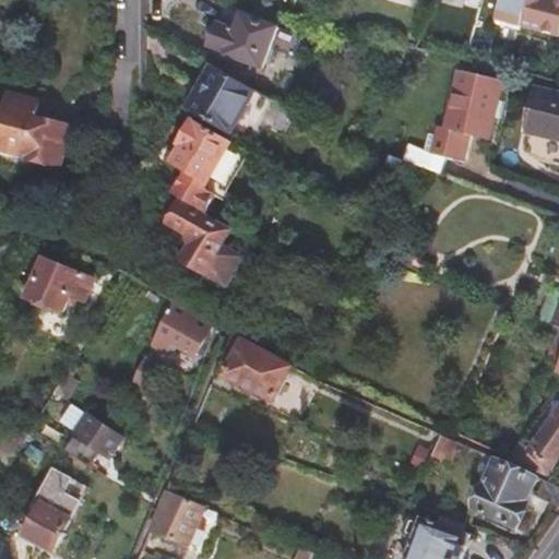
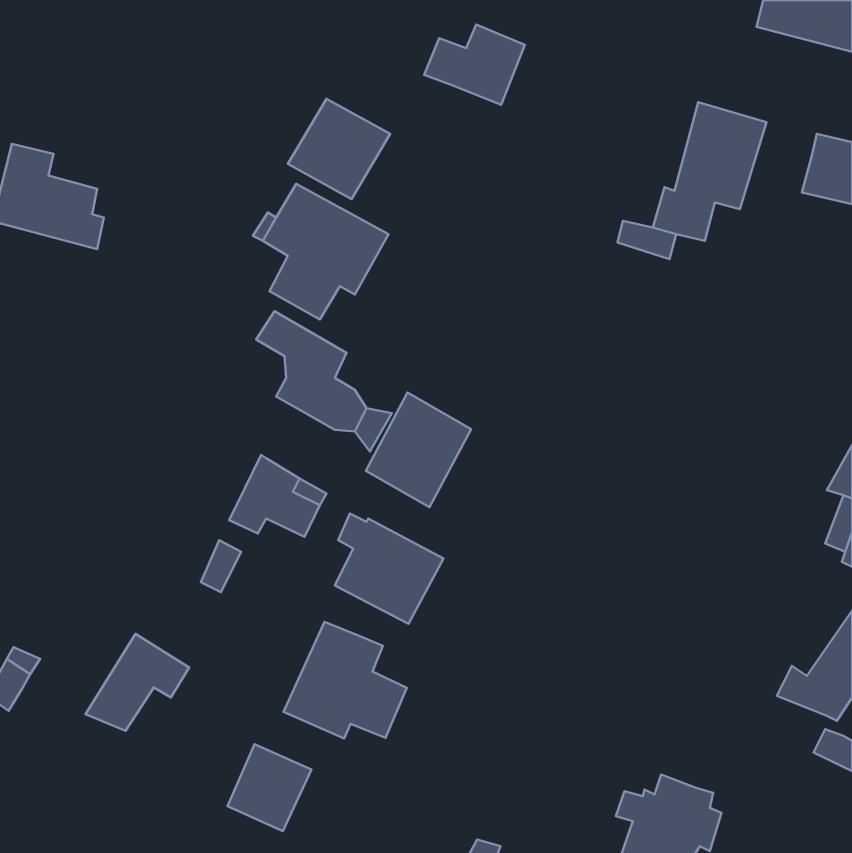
building: [210,14,275,67] -> [424,25,525,105]
building: [24,255,93,314] -> none
building: none -> [366,393,471,507]
building: none -> [284,622,407,739]
building: [468,456,532,524] -> none
building: [21,466,85,547] -> none

